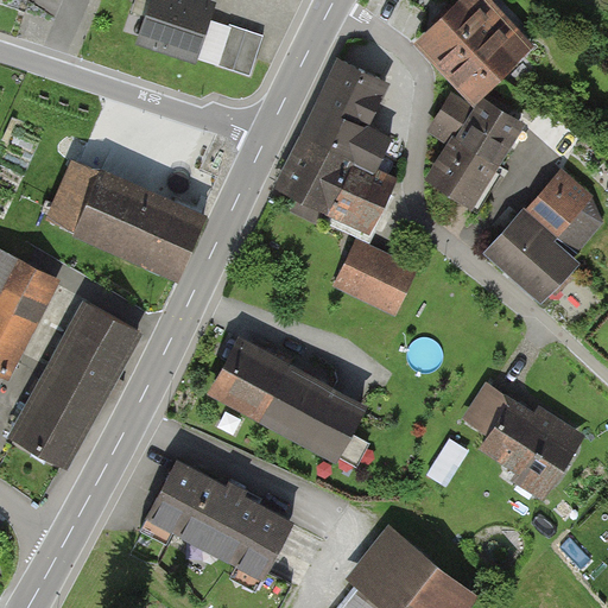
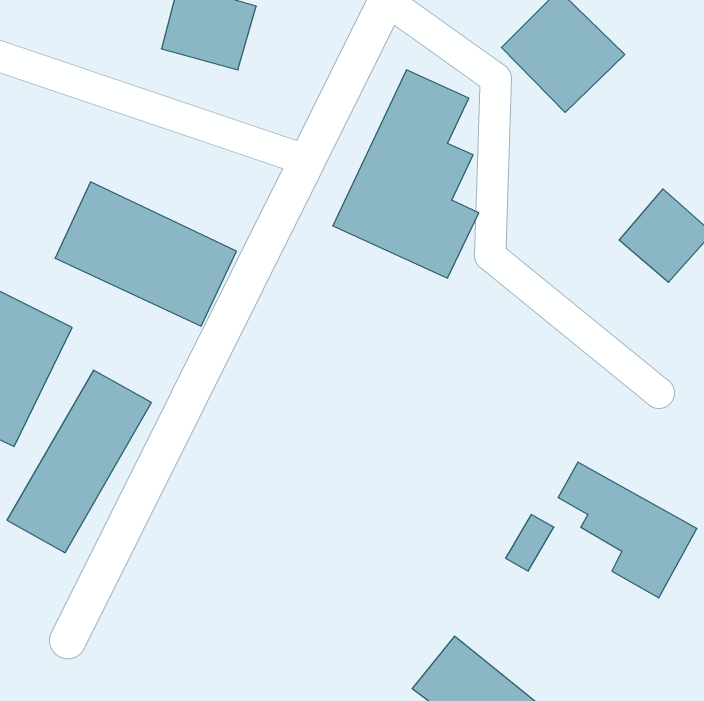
building: [211,26,258,76] -> none
building: [426,90,530,208] -> none
building: [479,203,584,305] -> none
building: [330,238,416,314] -> none
building: [211,349,353,458] -> none
building: [145,470,279,578] -> none

